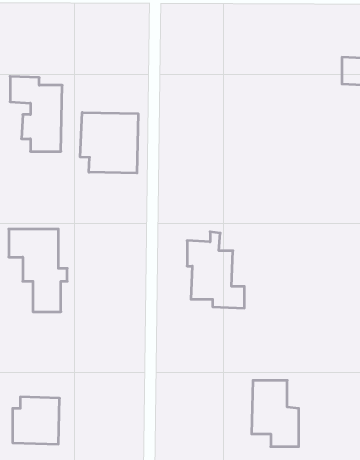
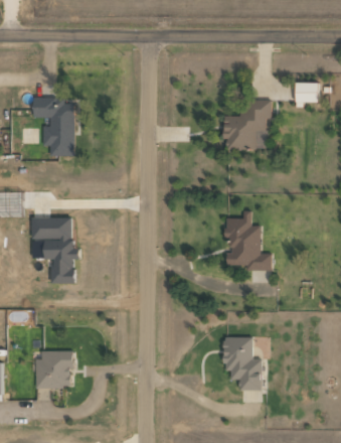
building: none -> [222,100,272,150]
building: [80,112,138,173] -> none
building: [187,232,244,308] -> [225,210,271,271]

